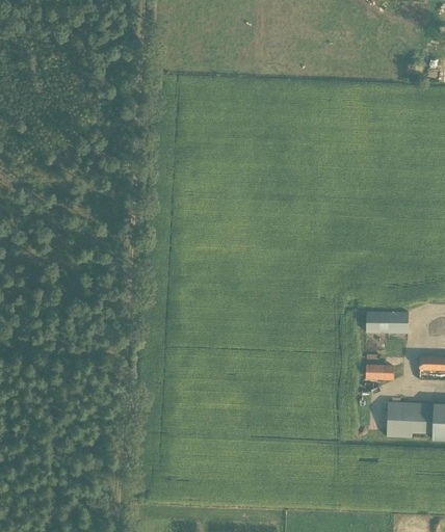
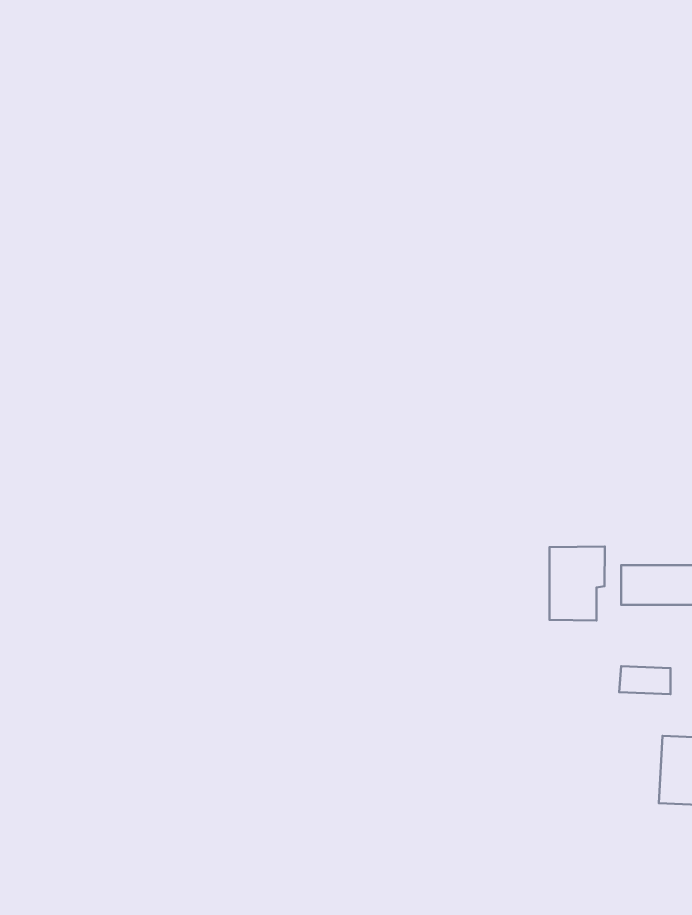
building: none -> [550,546,605,620]

